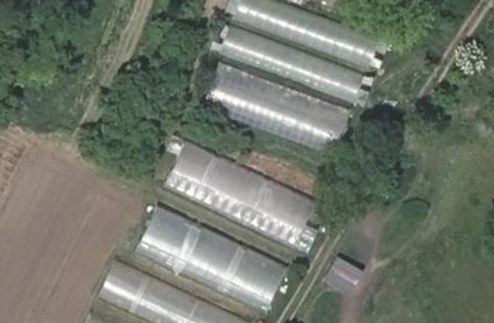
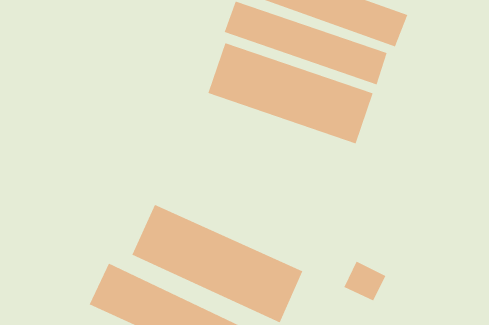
building: [166,144,317,245] -> none

